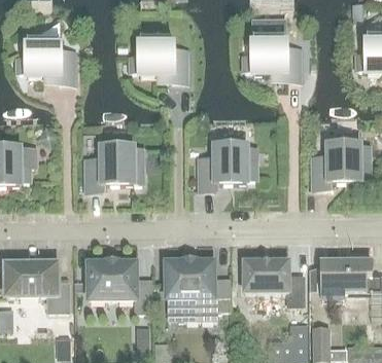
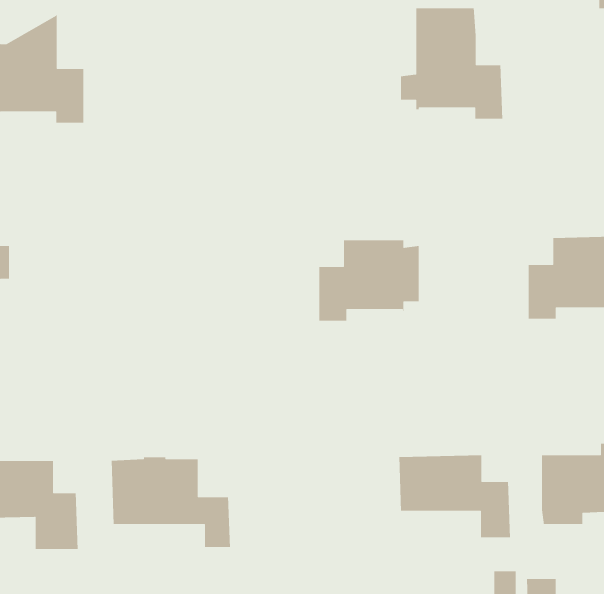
building: [131,36,186,80] -> none
building: [86,145,142,189] -> none
building: [166,260,230,319] -> none

